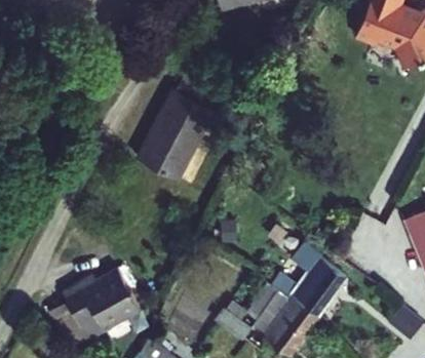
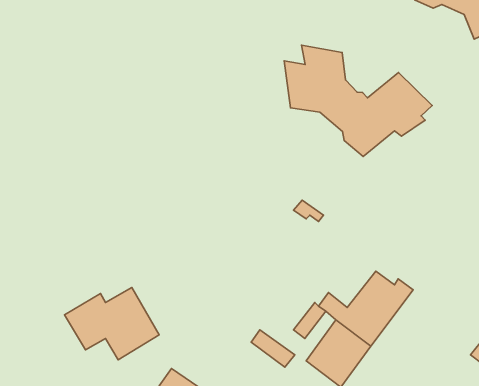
building: none -> [284,45,432,156]
building: [134,86,214,181] -> none

